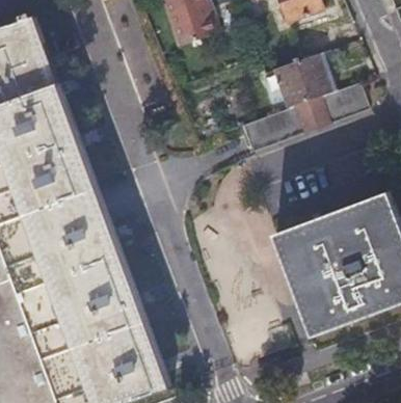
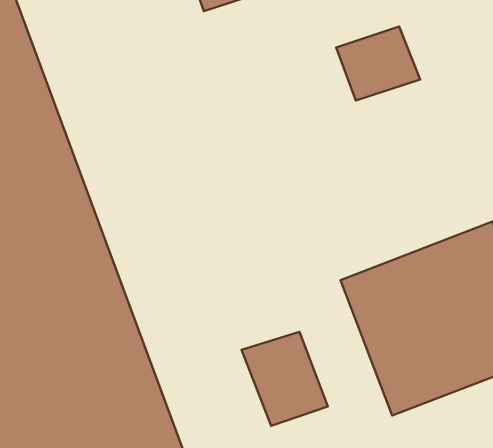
building: [245,80,377,151] -> none
building: none -> [242,332,328,426]

